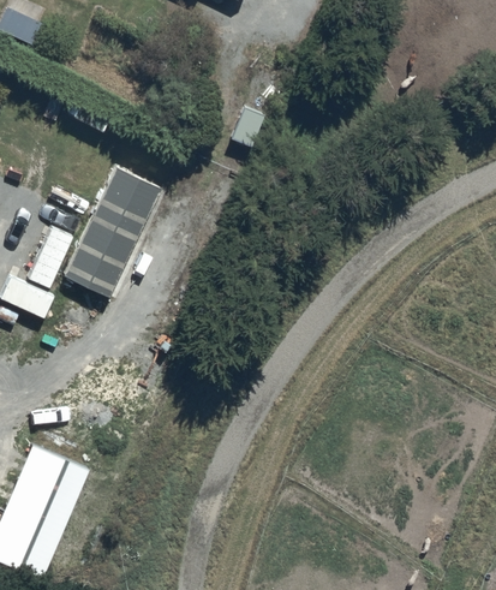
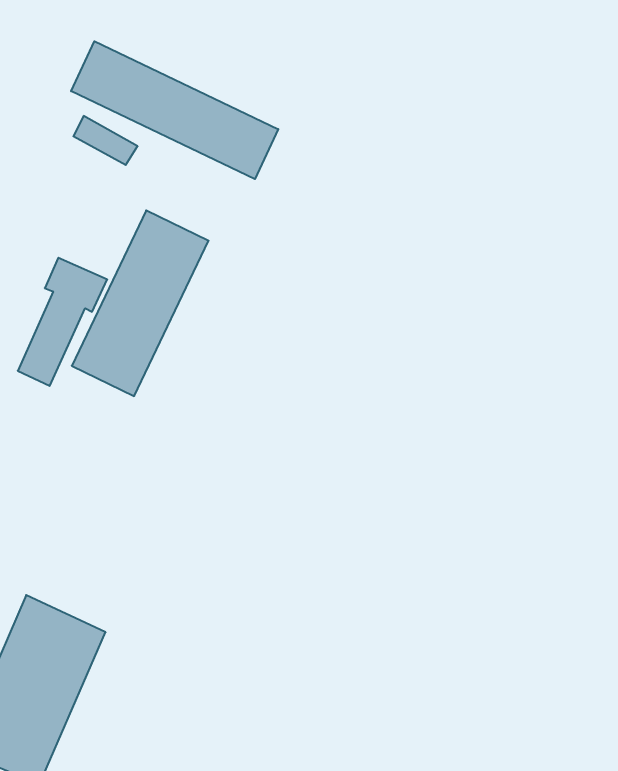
building: none -> [71,41,278,179]

